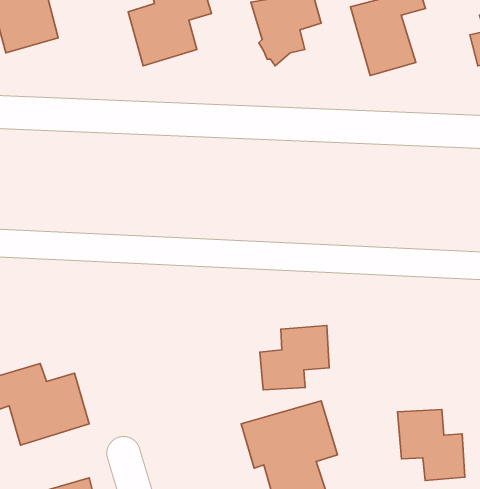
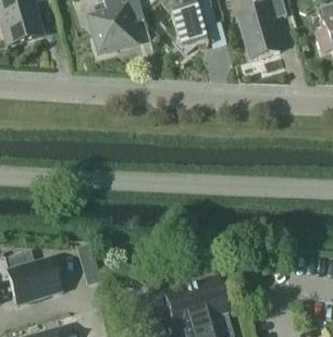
building: [260,325,329,390] -> none
building: [398,409,465,481] -> none

